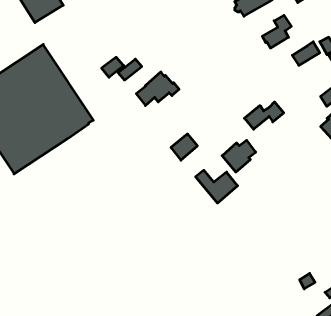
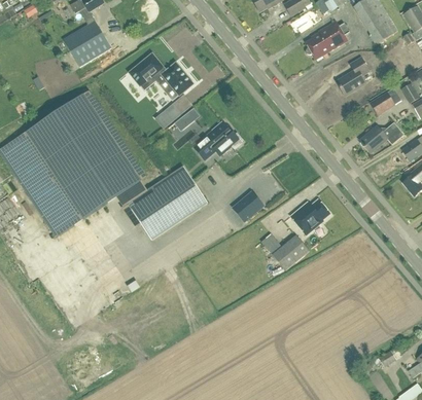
building: none -> [129,52,192,100]
building: [244,102,284,129] -> [359,121,403,152]
building: none -> [121,165,208,240]

